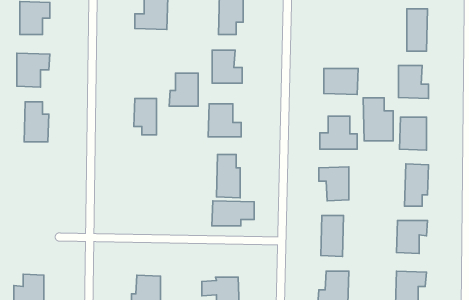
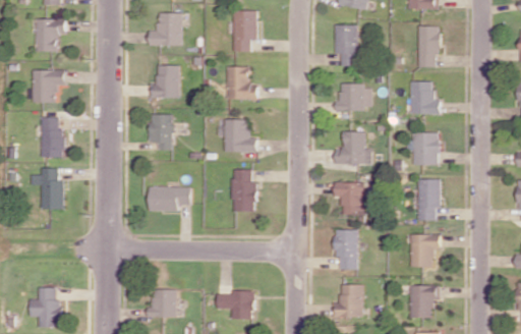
building: none -> [334,24,357,66]
building: [169,73,198,106] -> [152,65,180,98]
building: [363,98,393,141] -> none
building: none -> [33,168,65,209]
building: [212,201,254,226] -> [149,186,190,211]

